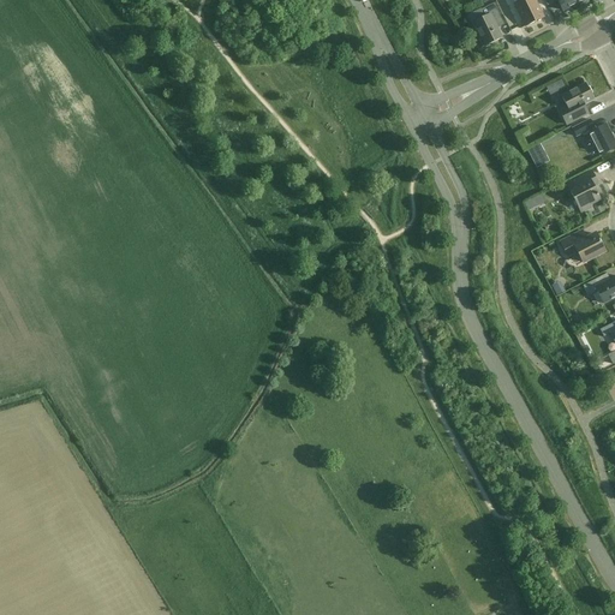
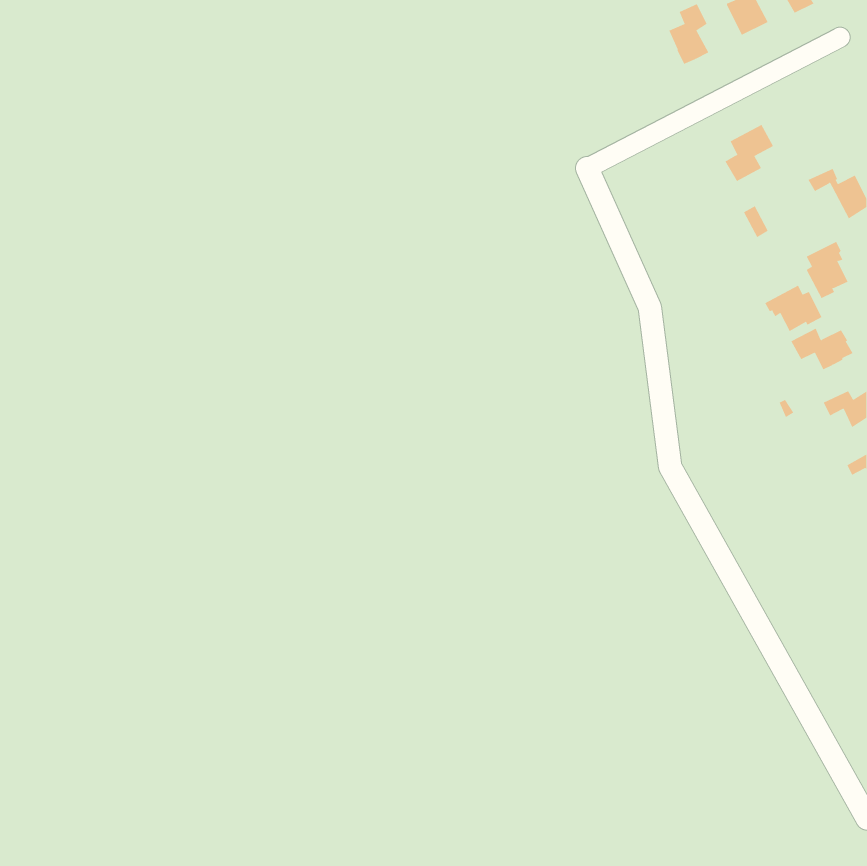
building: [559,83,593,124] -> [725,124,774,182]
building: none -> [765,285,822,332]

